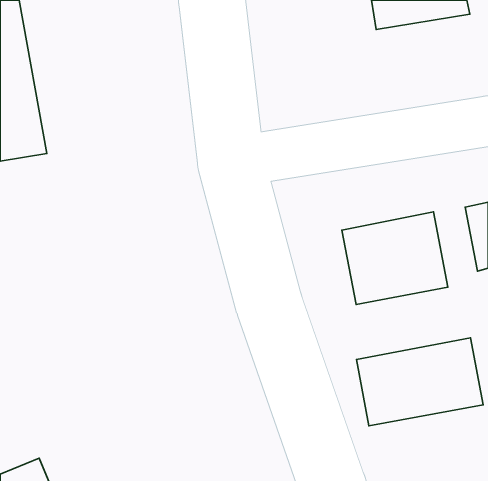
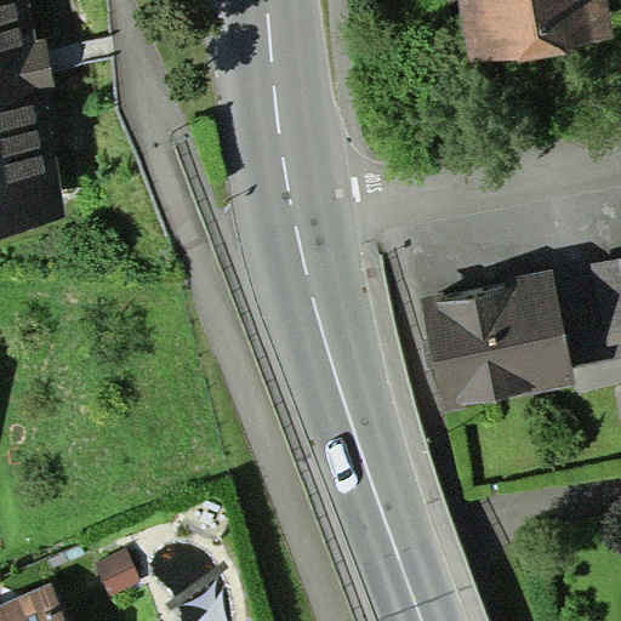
building: [356,338,483,426] -> none

